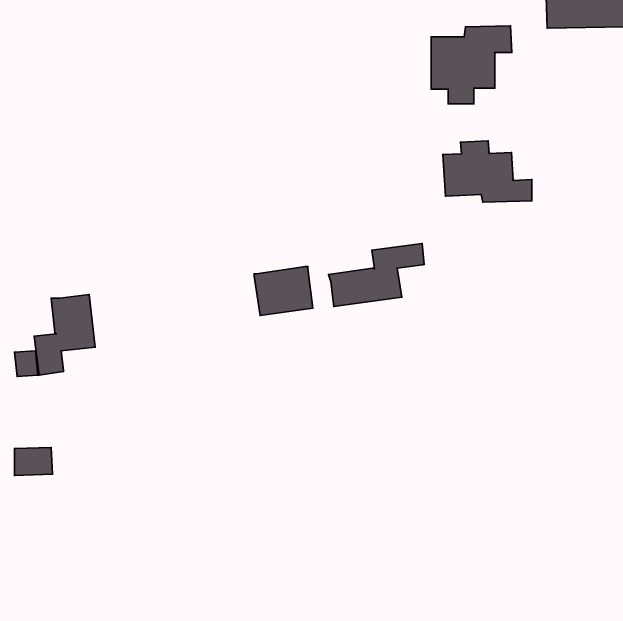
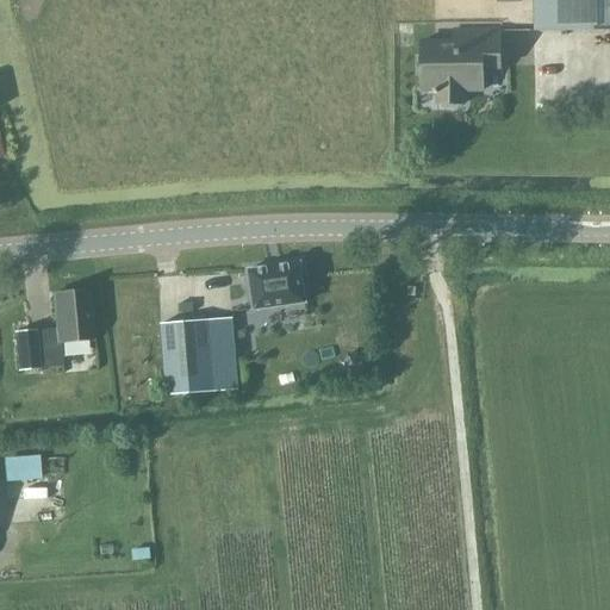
building: [443,141,532,202] -> none
building: [329,243,424,307] -> none
building: none -> [162,316,241,396]

